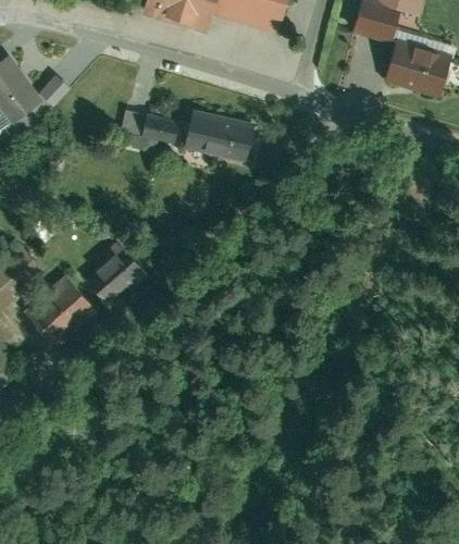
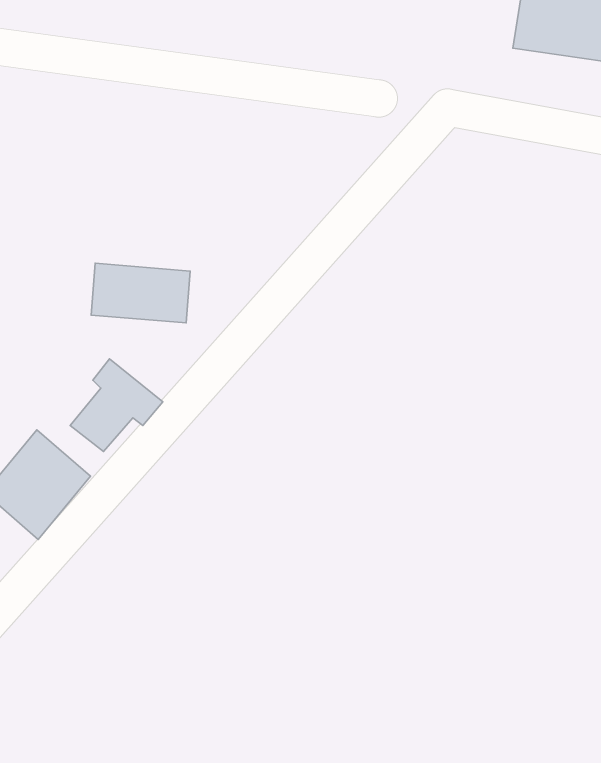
building: [138,109,172,137] -> none
building: [187,115,251,159] -> [91,263,190,323]

